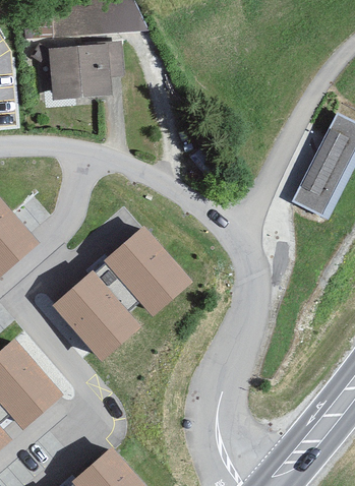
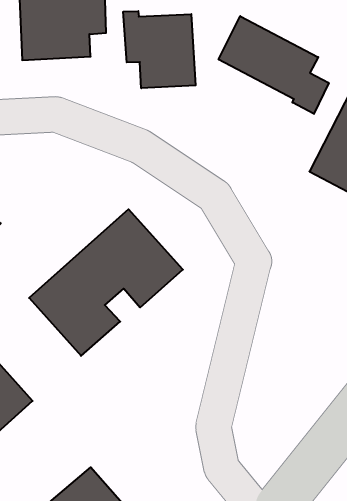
building: none -> [123,11,196,88]
building: none -> [219,16,329,114]

